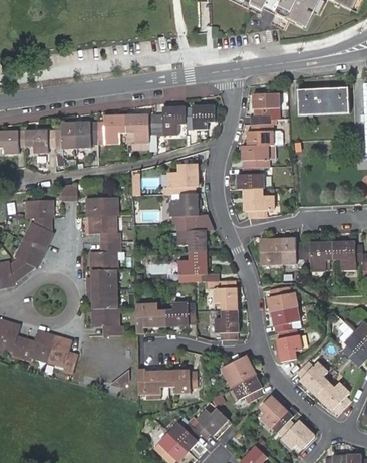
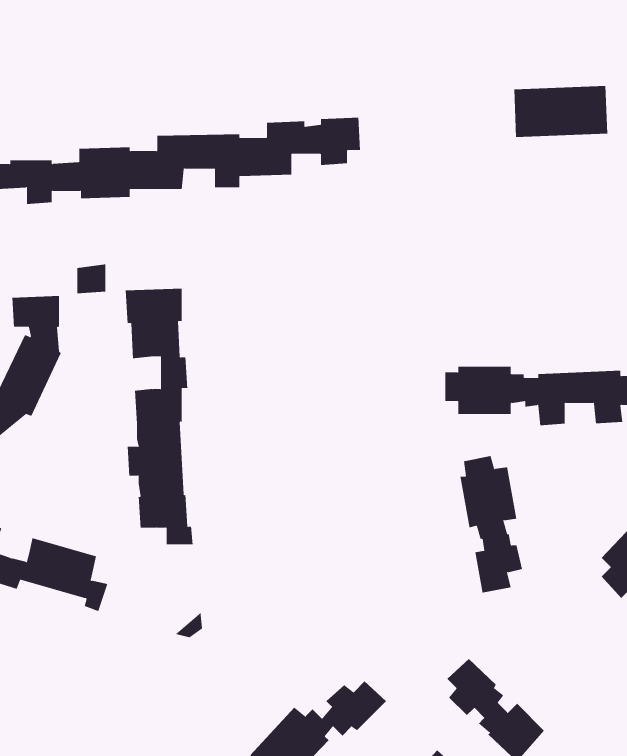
building: [237,91,279,218] -> none
building: [163,163,239,340] -> none
building: [135,301,196,333] -> none
building: [225,357,263,402] -> none
building: [297,360,351,414] -> none
building: [137,367,198,395] -> none

